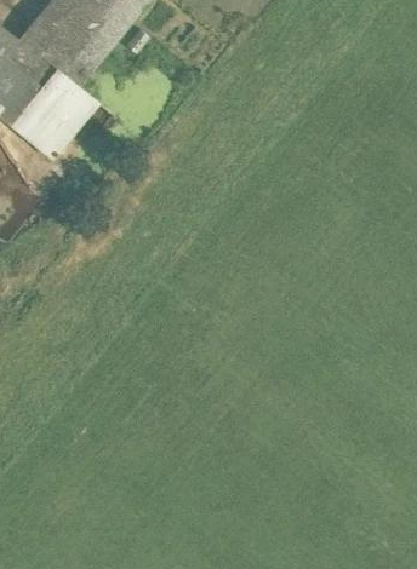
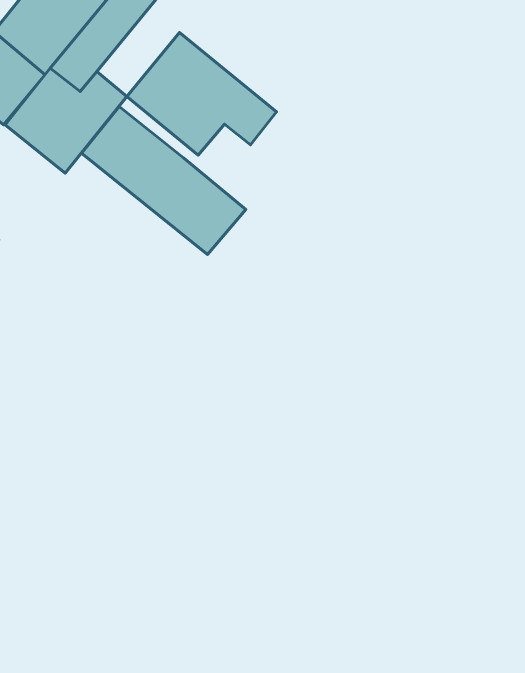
building: none -> [127,32,276,155]
building: none -> [81,106,246,255]

